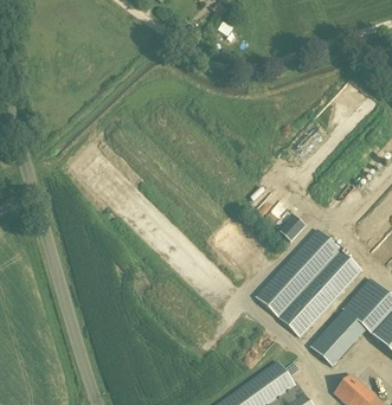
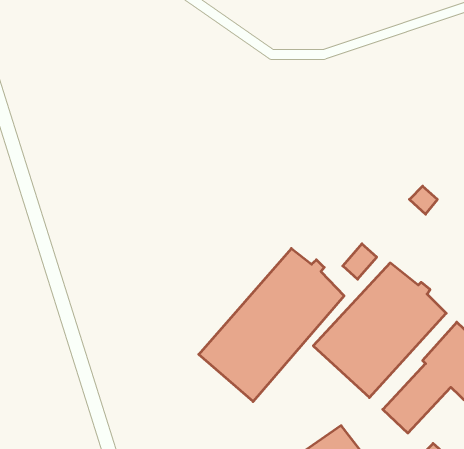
building: none -> [199,248,344,402]

